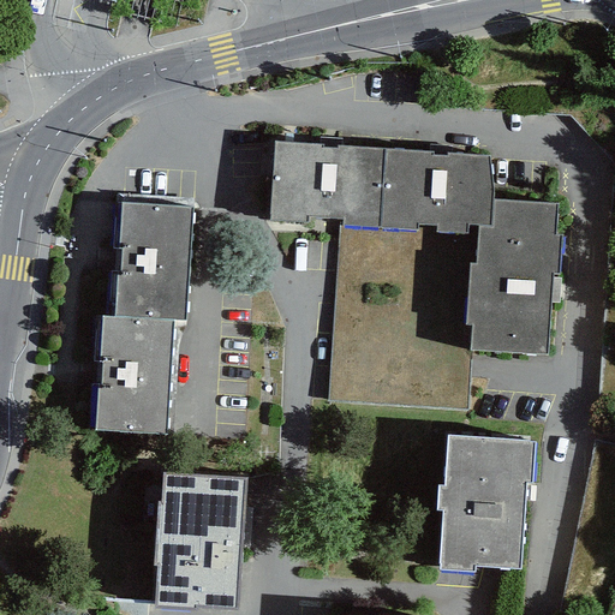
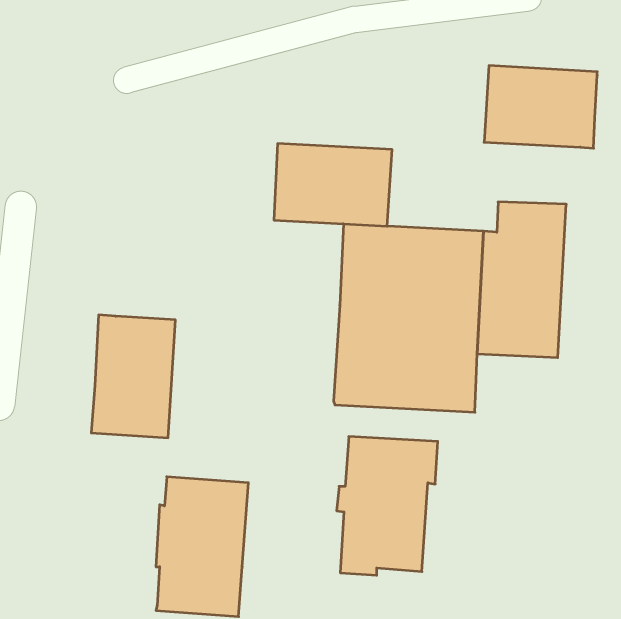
building: [382,148,494,229] -> [484,66,597,148]
building: [114,201,192,317] -> none
building: [436,434,536,571] -> [337,437,438,575]

